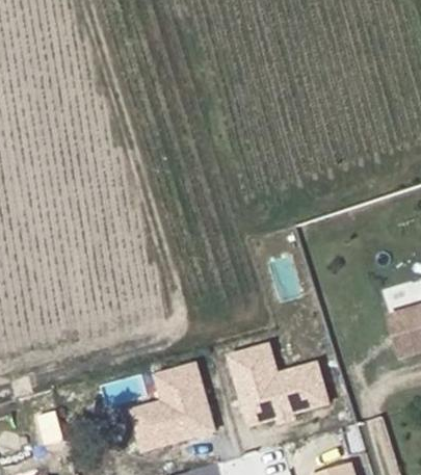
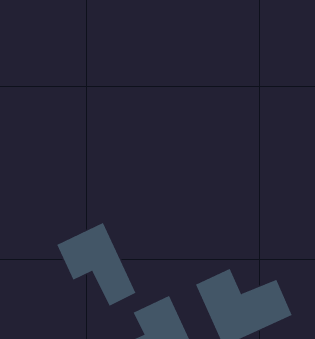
building: none -> [56,222,136,307]

